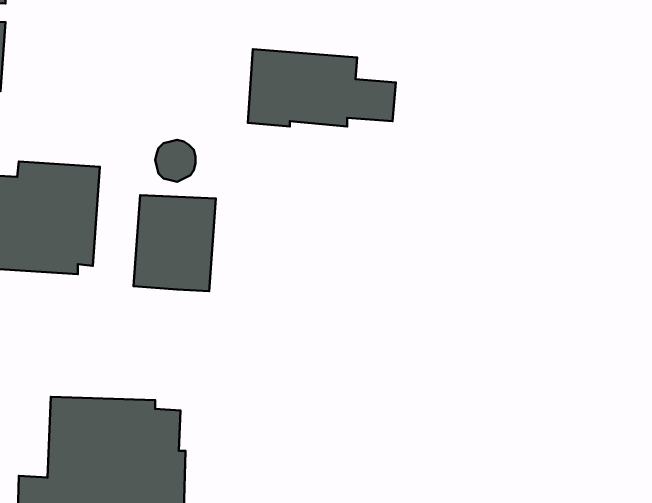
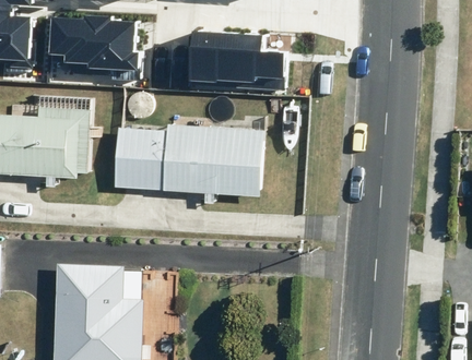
building: none -> [48,16,140,74]
building: none -> [164,124,266,197]

